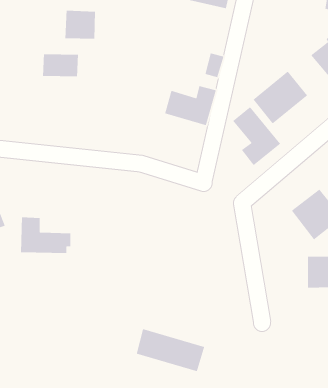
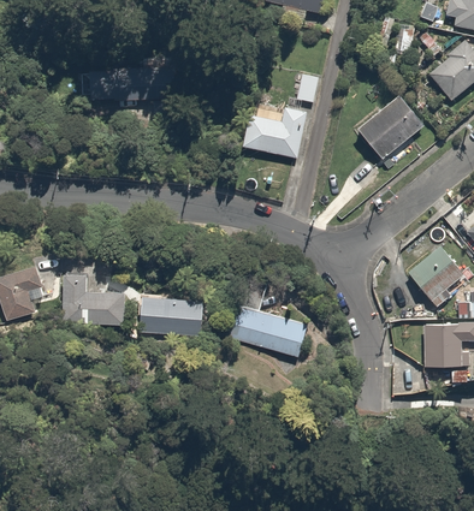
building: [65,10,96,40] -> none
building: [232,106,281,166] -> none
building: none -> [142,295,207,337]
building: [136,328,205,372] -> [226,305,313,361]

